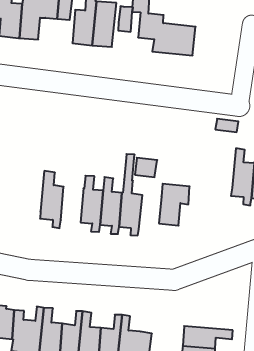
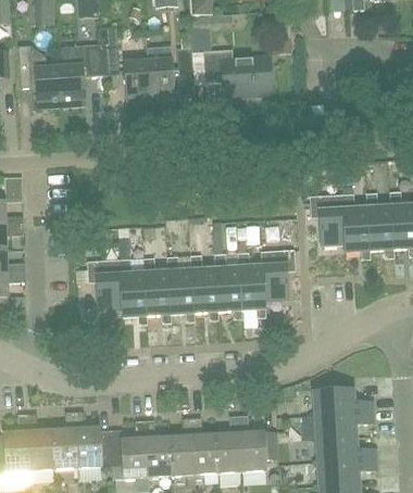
building: none -> [310,193,345,243]
building: none -> [87,257,121,307]
building: none -> [143,255,171,321]
building: none -> [238,251,265,316]
building: none -> [313,374,373,415]

